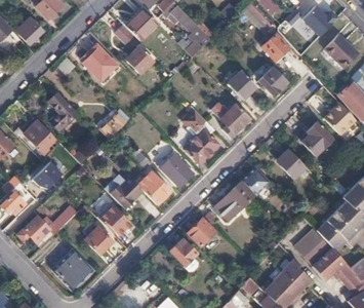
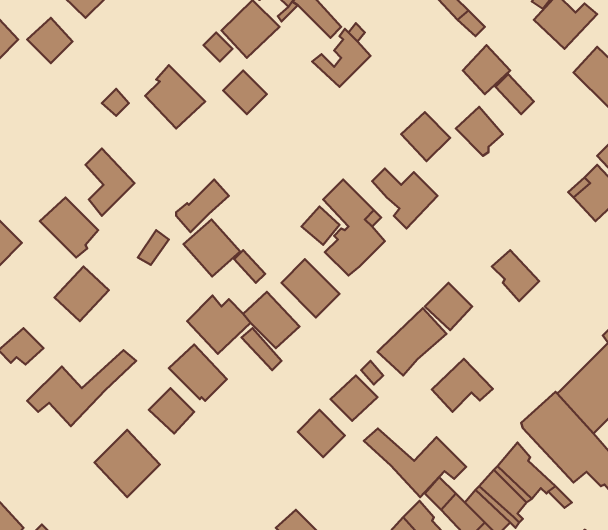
building: [300,122,332,155] -> none
building: none -> [184,219,240,276]
building: none -> [432,359,493,412]
building: none -> [364,429,466,497]

